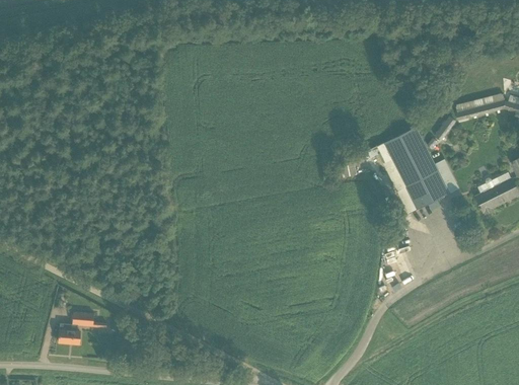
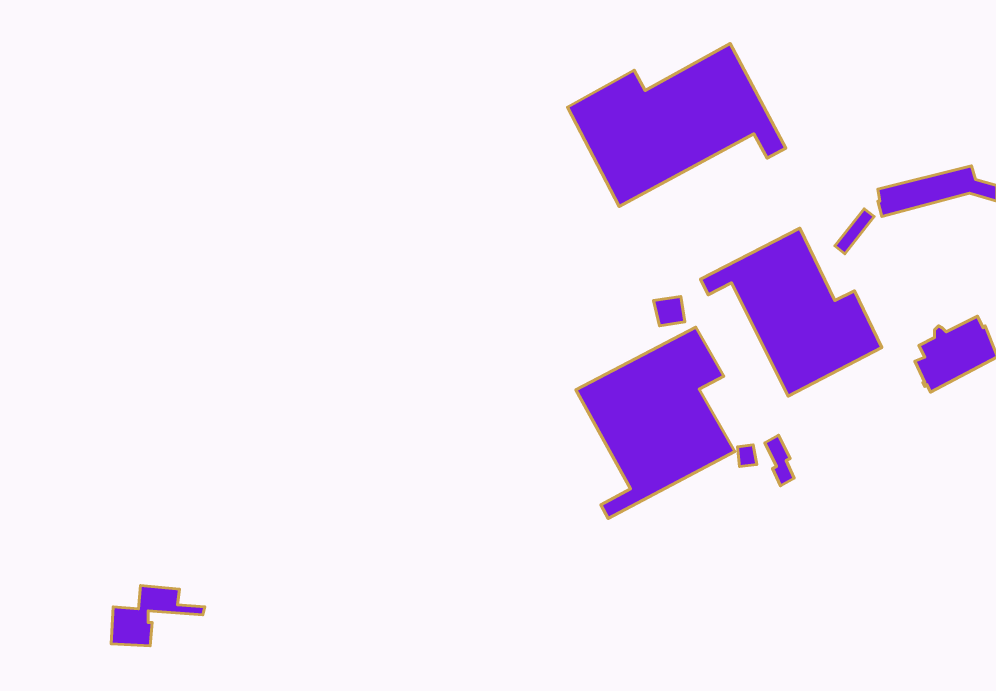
building: none -> [568,44,786,206]
building: none -> [576,327,735,519]

